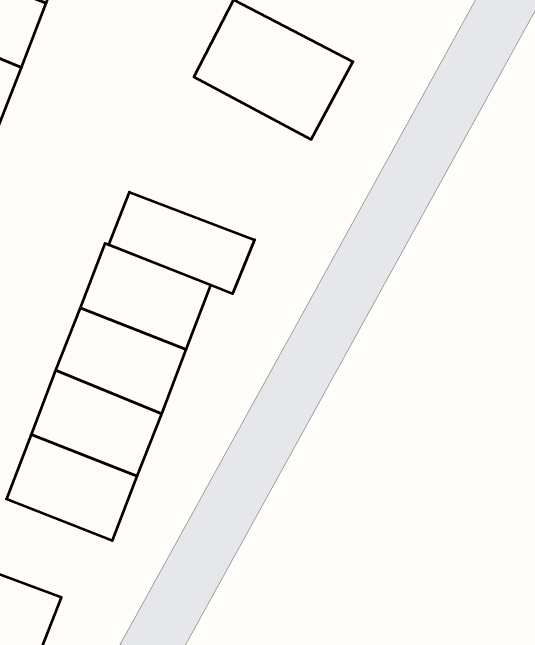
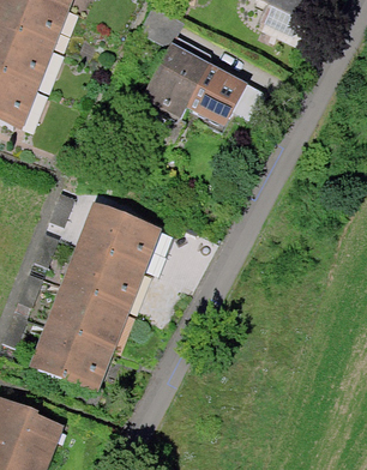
building: [109,192,255,294] -> none

